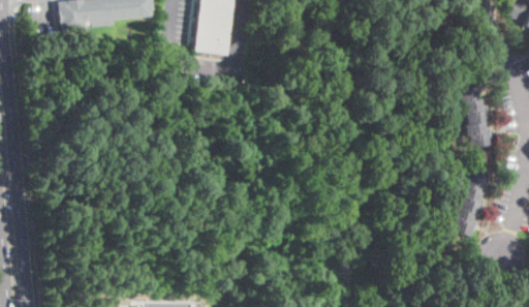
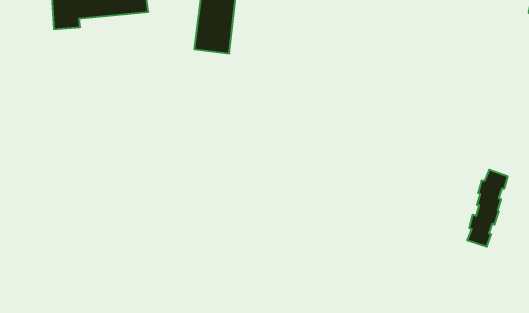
building: [460,76,492,147] -> none

